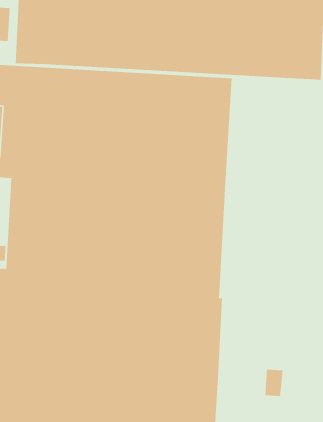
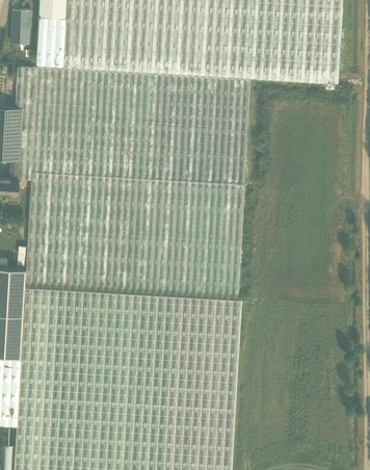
building: [265,369,283,397] -> none

